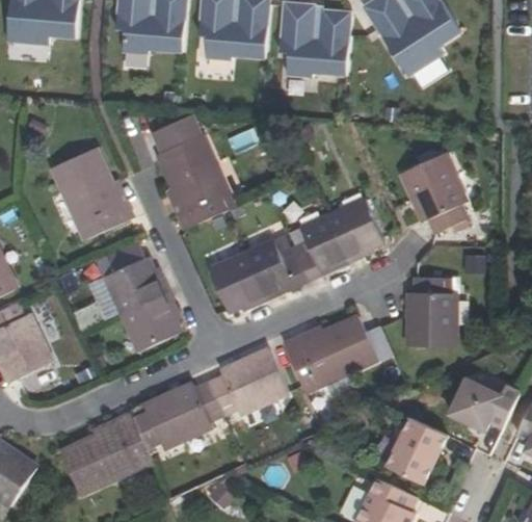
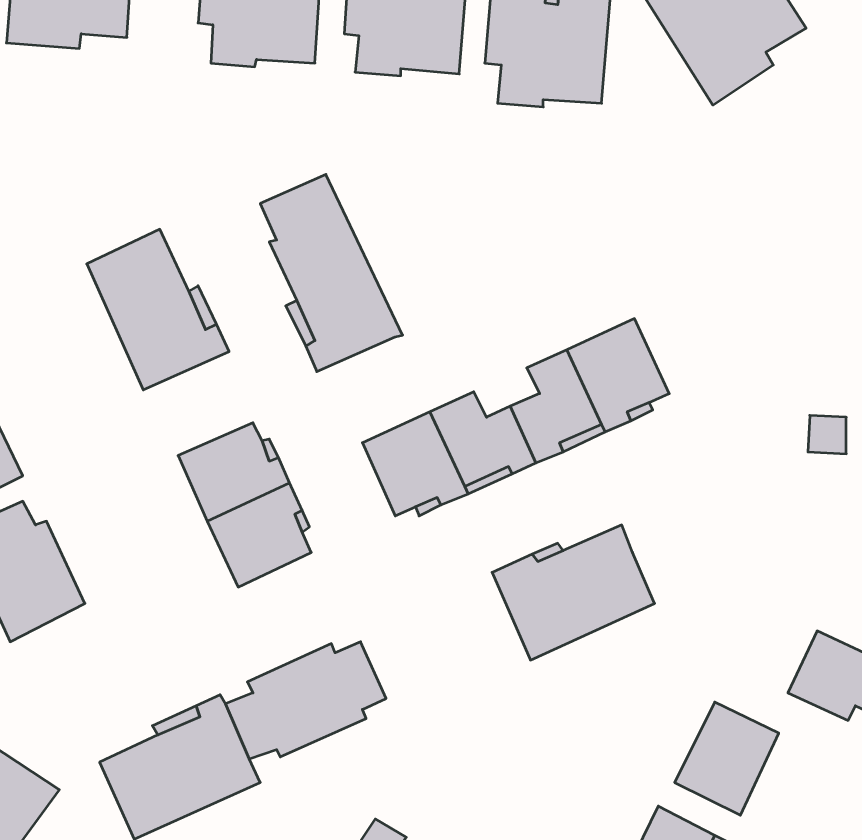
building: [399,155,466,234] -> none
building: [405,278,455,346] -> none
building: [208,349,287,415] -> none

